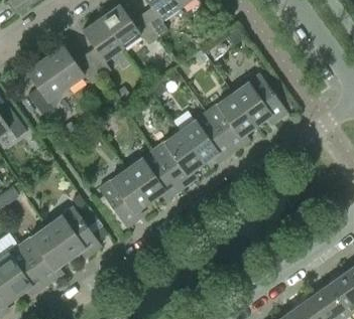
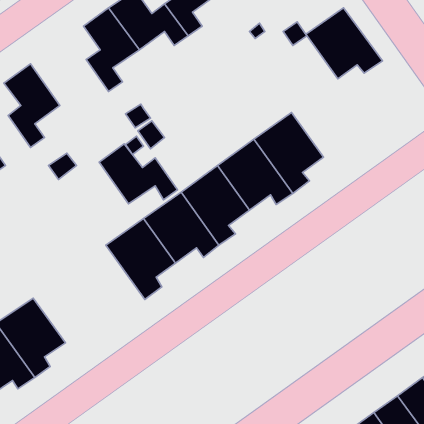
building: [44,44,101,88] -> [99,144,177,204]
building: [233,73,288,125] -> [306,8,382,79]
building: [46,206,101,259] -> none

